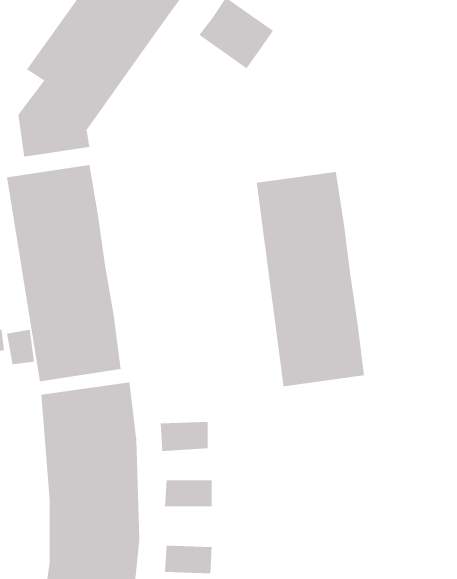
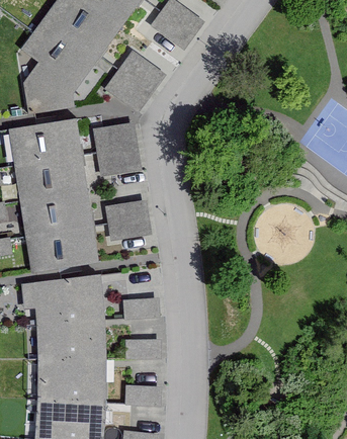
building: none -> [107,51,168,111]
building: [256,171,364,387] -> none
building: none -> [97,124,140,172]
building: none -> [106,199,149,238]

